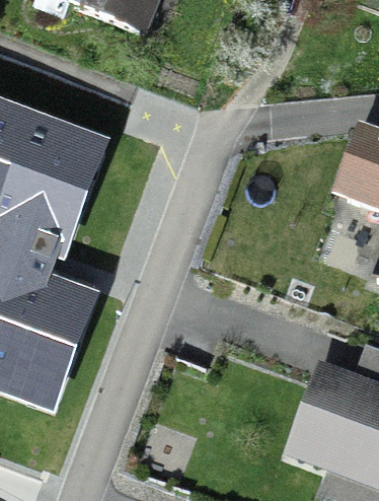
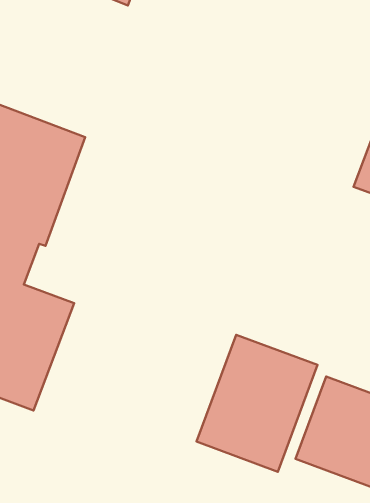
building: none -> [197,335,317,472]

